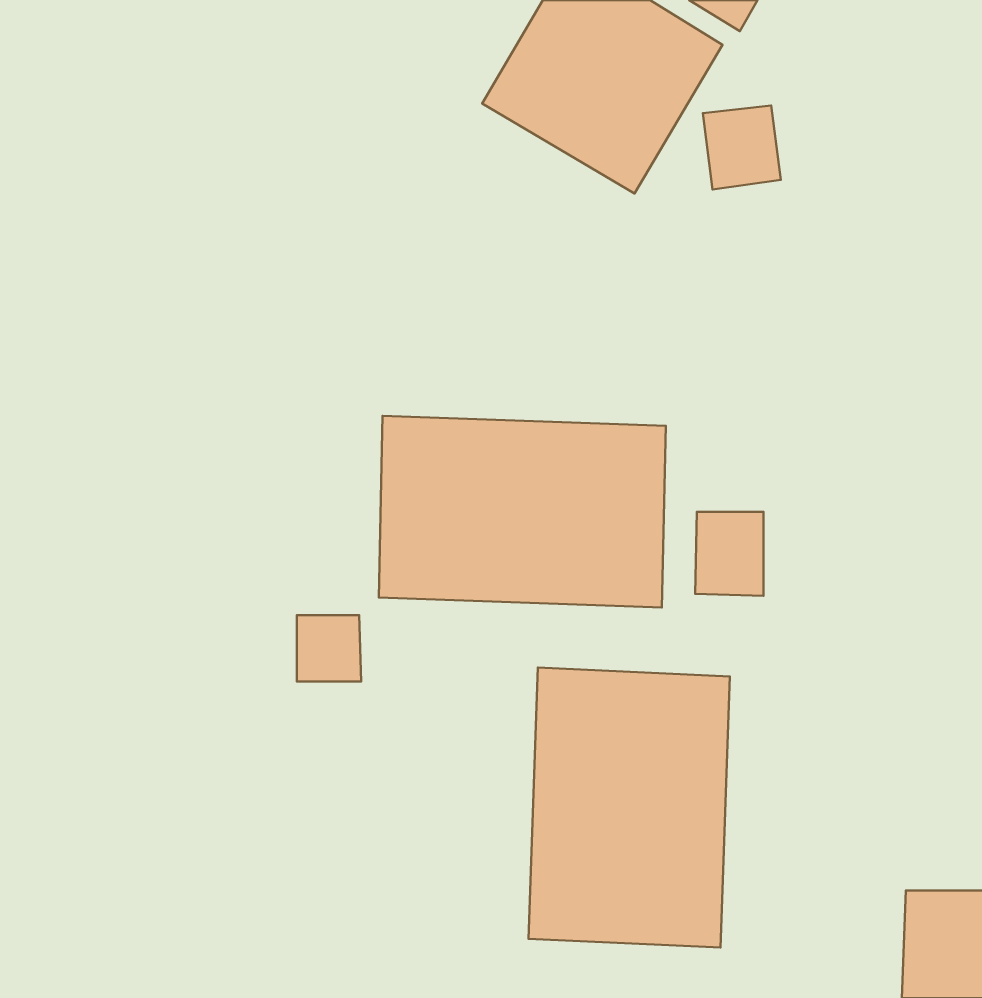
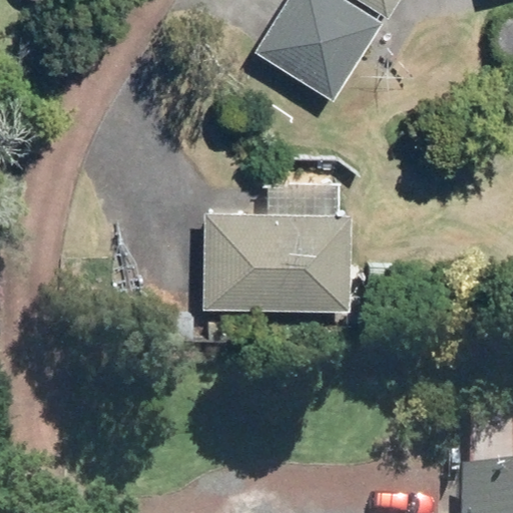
building: [529,668,730,948] -> none

